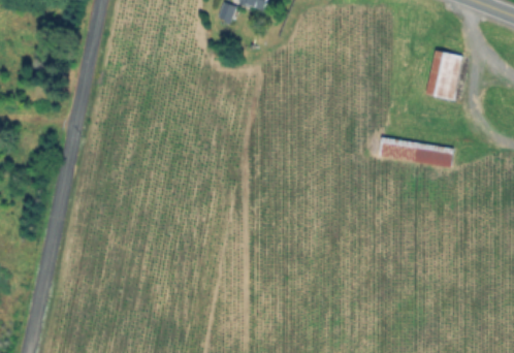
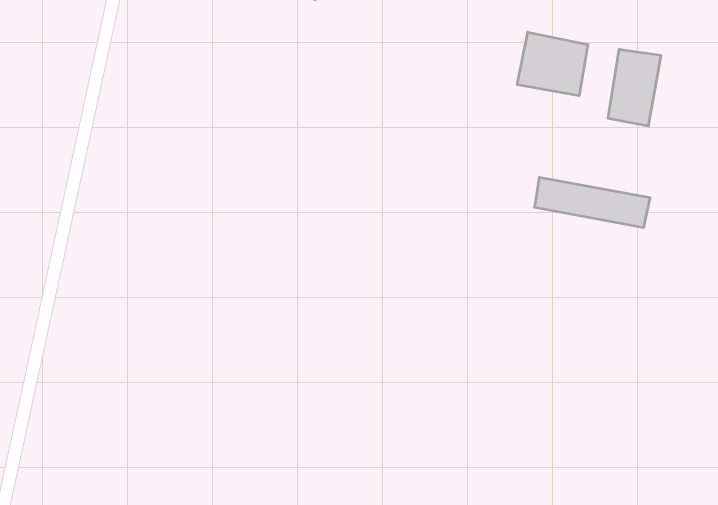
building: none -> [517,32,588,96]

